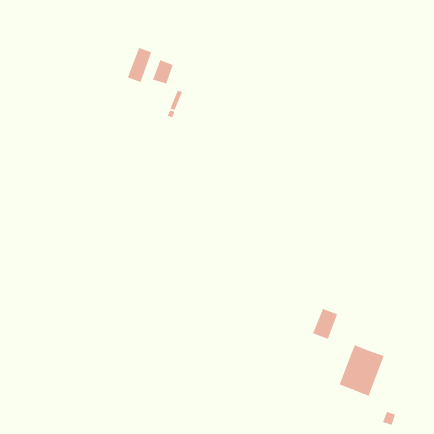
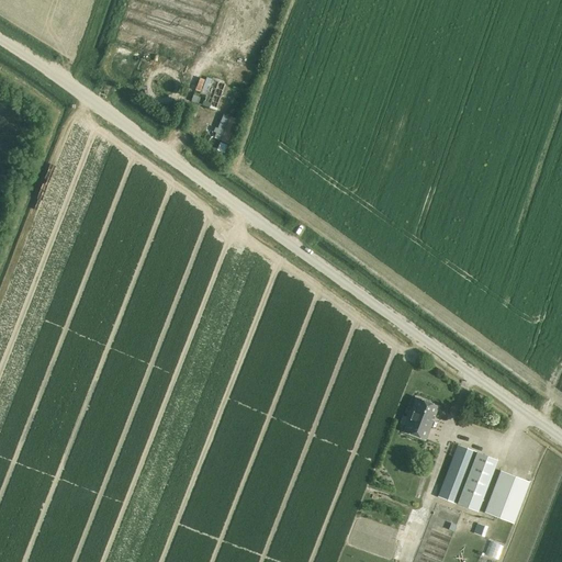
building: [127,47,152,83] -> none
building: none -> [483,470,528,522]

